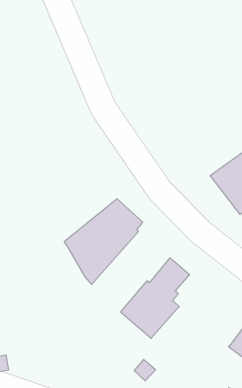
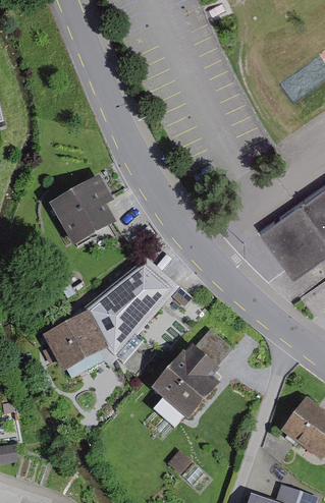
building: none -> [47,175,116,248]
building: none -> [42,314,116,378]

